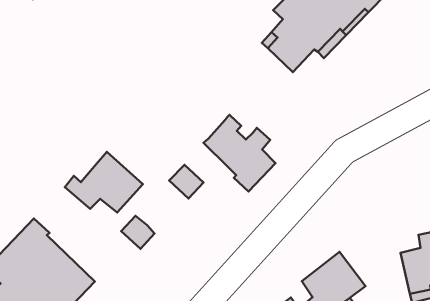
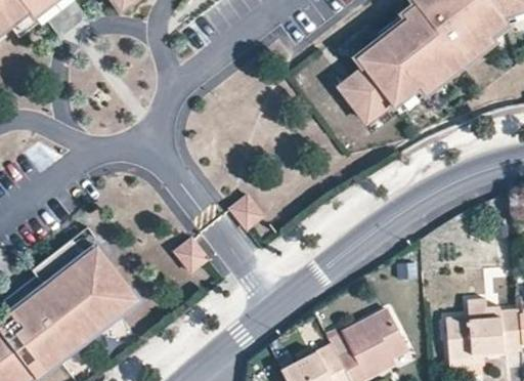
building: [204,115,276,191] -> none
building: [65,152,143,213] -> none

